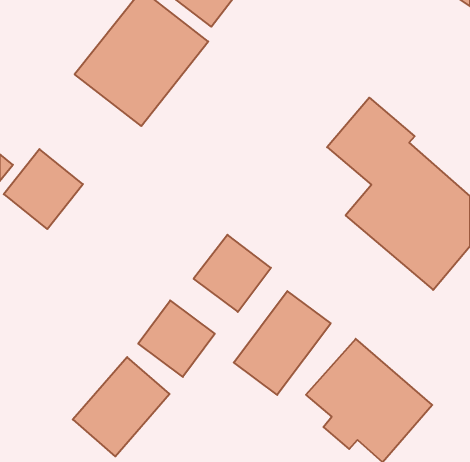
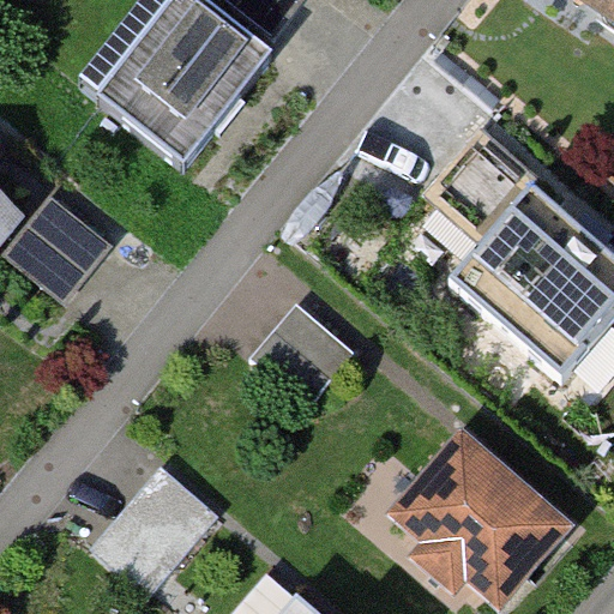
building: [234,291,331,395] -> none
building: [138,300,215,377] -> none

